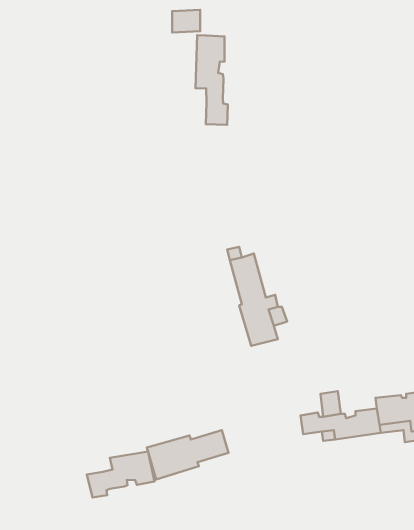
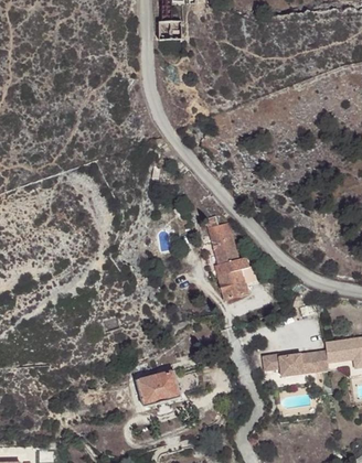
building: [196,35,228,125] -> none
building: [87,452,155,498] -> none

